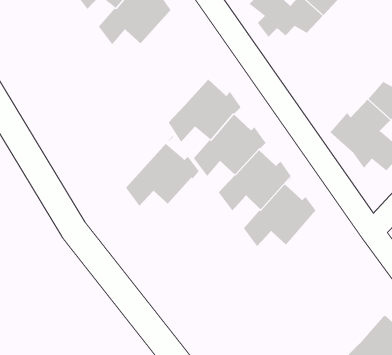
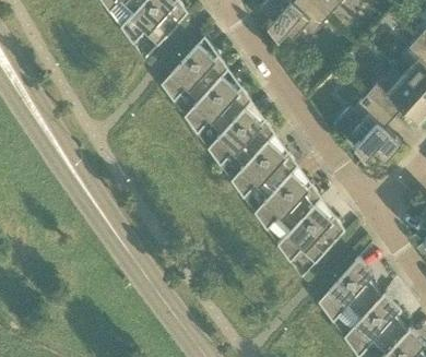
building: [125,136,200,207] -> [159,37,228,103]
building: none -> [276,198,344,263]
building: none -> [317,258,380,323]

